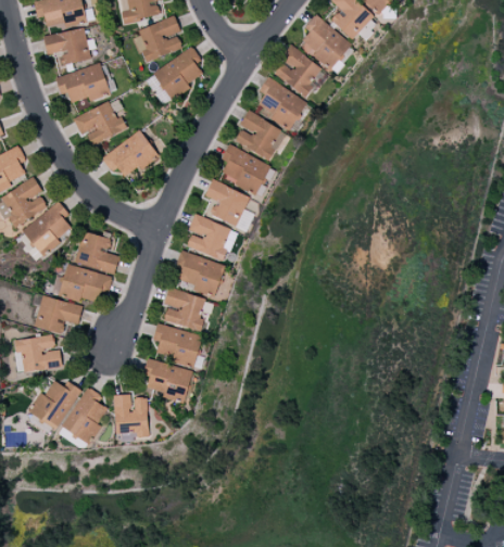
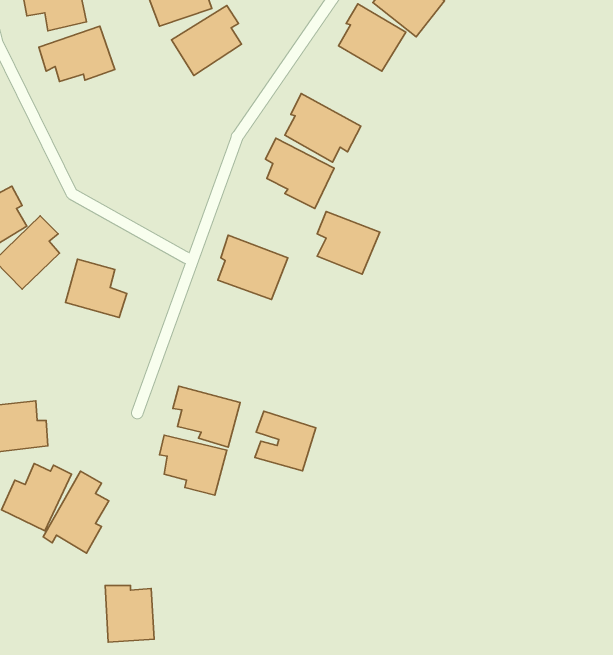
building: [255,78,307,130] -> none
building: [73,104,127,144] -> none
building: [101,131,159,177] -> none
building: [204,181,250,227] -> [317,211,380,274]
building: [176,252,225,297] -> none
building: [51,265,112,304] -> none
building: [163,288,207,331] -> [255,411,316,471]
building: [34,296,83,334] -> none
building: [113,395,149,436] -> [105,586,154,642]

